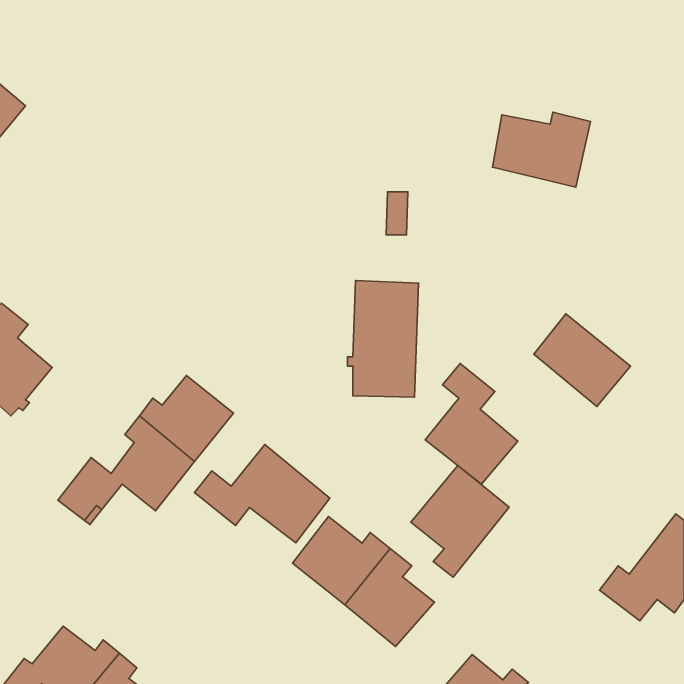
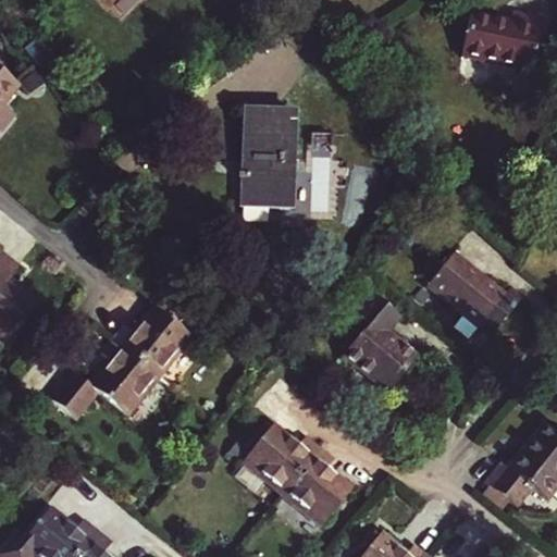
building: [493,112,590,187] -> [460,9,540,70]
building: [348,280,419,397] -> [239,109,297,203]
building: [194,444,330,543] -> none
building: [411,466,509,577] -> none

